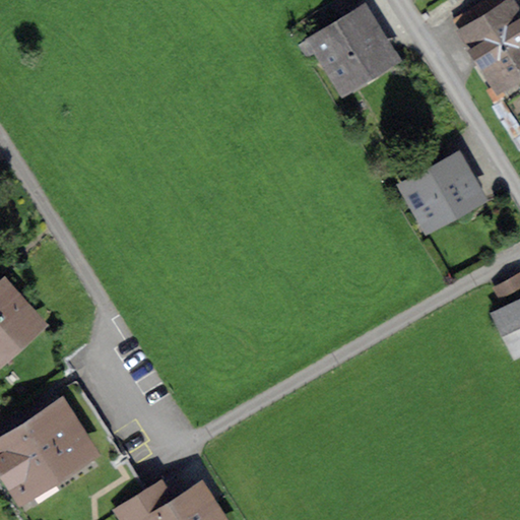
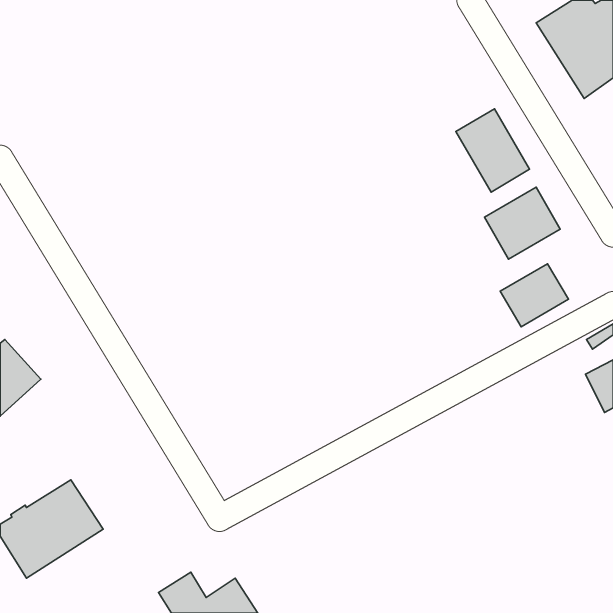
building: [319,14,388,82] -> none
building: none -> [456,109,530,192]
building: none -> [500,264,569,327]

